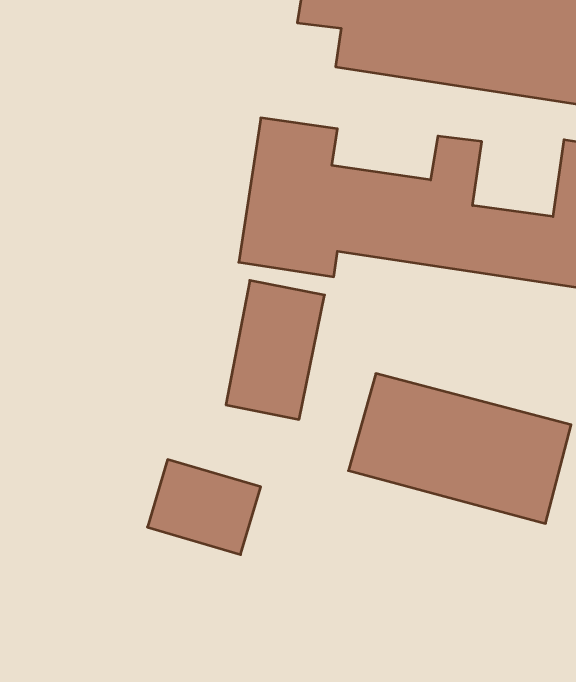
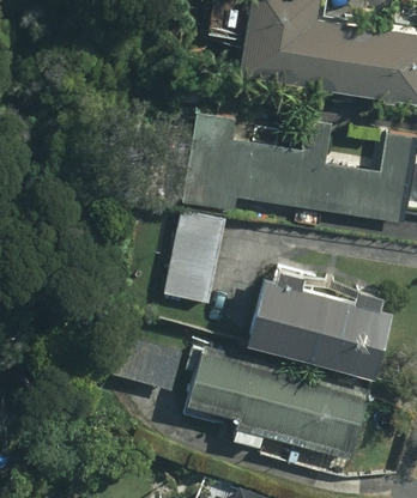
building: none -> [185,346,377,461]

